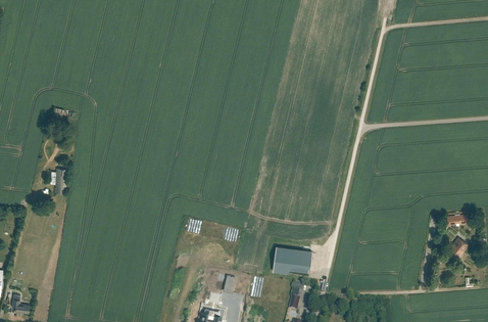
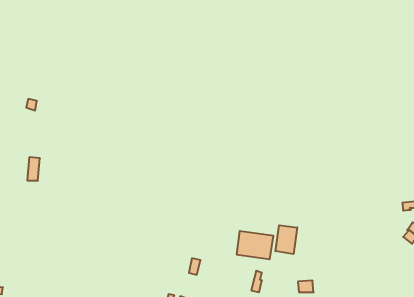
building: none -> [275,225,297,254]

